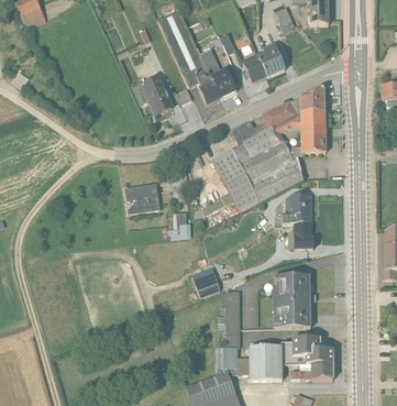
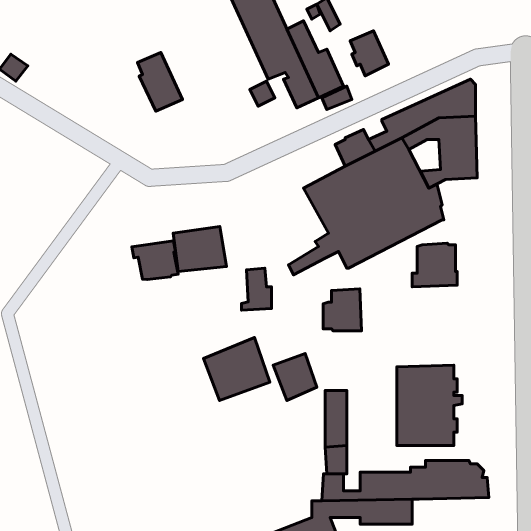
building: [257,42,286,76] -> none
building: [143,75,173,113] -> [137,53,183,111]
building: none -> [132,241,178,280]
building: [288,221,313,249] -> [323,289,361,331]
building: none -> [204,337,270,401]
building: [290,361,333,378] -> none

